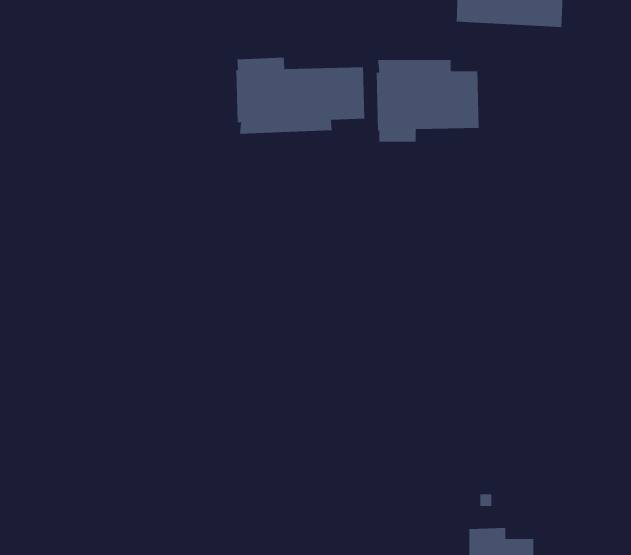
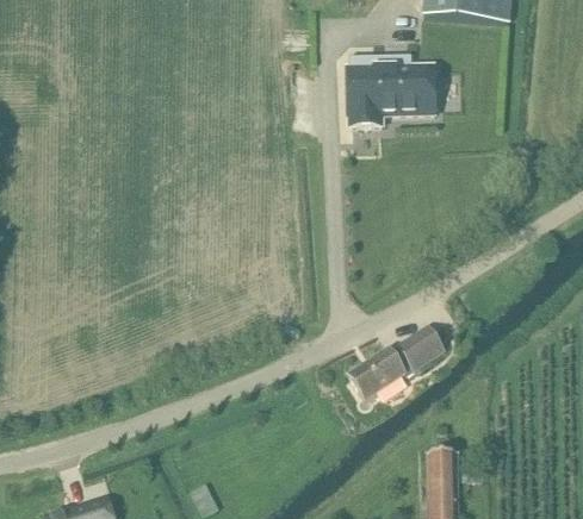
building: [236,57,365,135] -> none
building: none -> [348,324,445,399]

